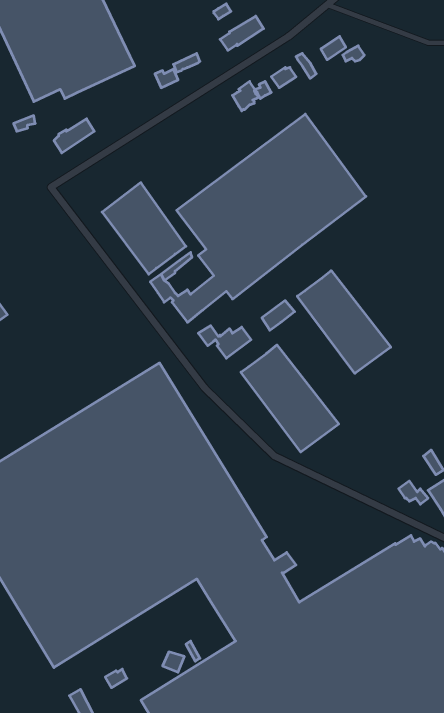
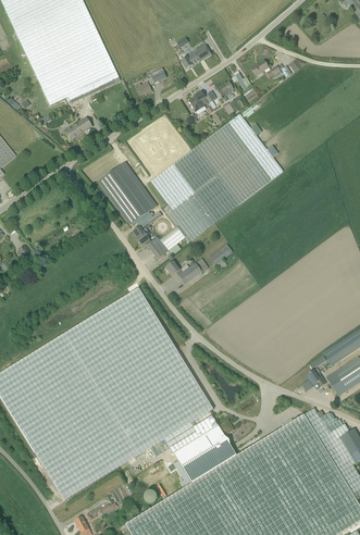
building: [297,271,391,373] -> none
building: [241,345,339,452] -> none

